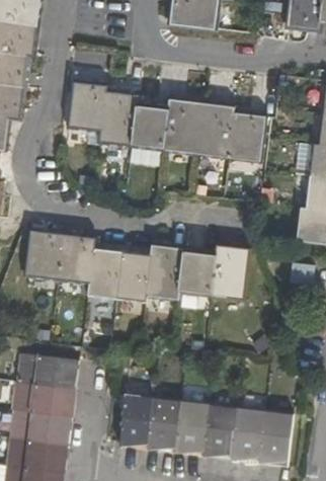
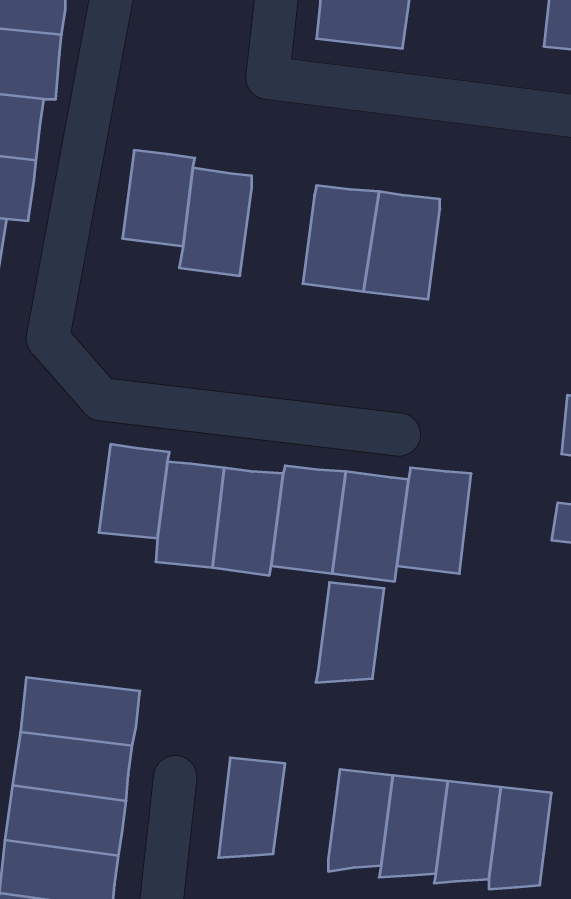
building: [130,100,168,150] -> none
building: [227,111,264,161] -> none
building: [24,229,63,278] -> none
building: [146,398,181,450] -> [316,582,384,682]

